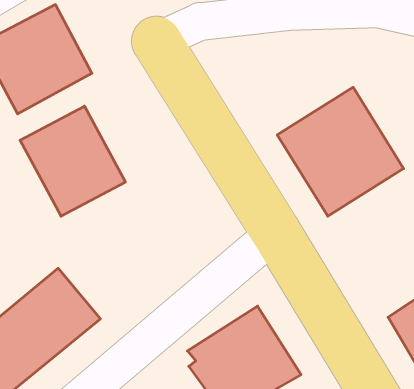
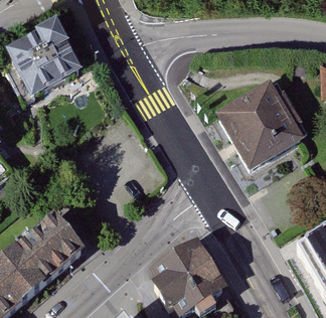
building: [20,106,125,216] -> none

